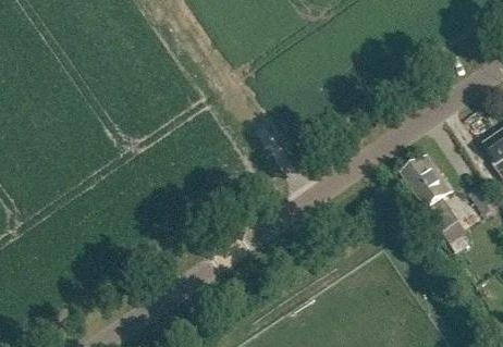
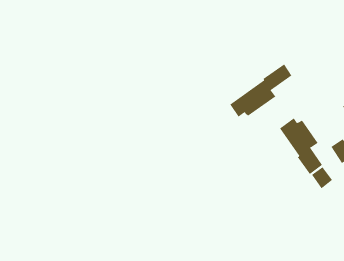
building: none -> [230,64,292,117]

